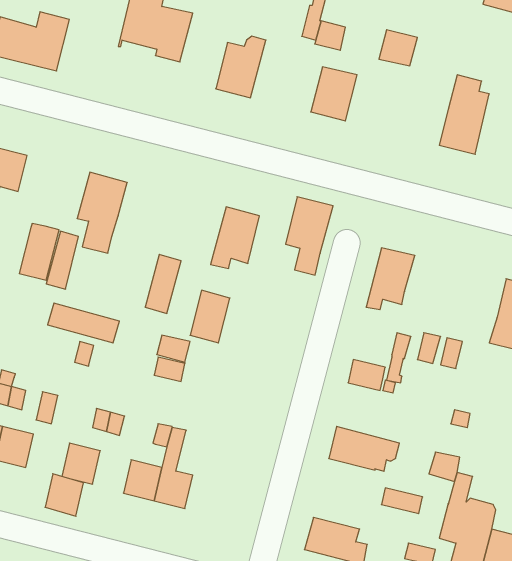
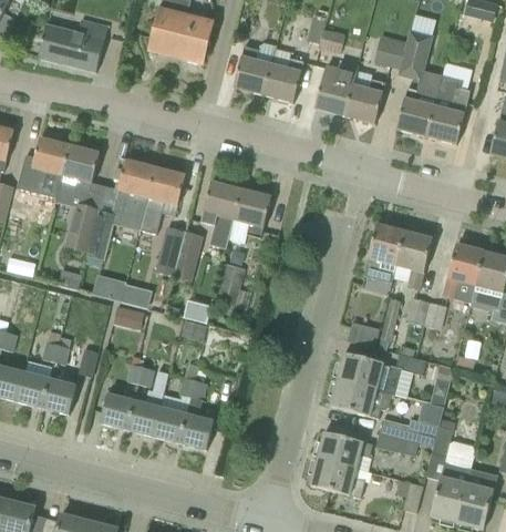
building: none -> [400,30,432,79]
building: none -> [264,44,304,102]
building: none -> [345,74,385,122]
building: none -> [396,88,434,135]
building: none -> [56,144,100,206]
building: none -> [141,167,186,233]
building: [286,197,333,275] -> [202,181,242,248]
building: none -> [157,225,184,265]
building: none -> [396,231,433,288]
building: none -> [442,244,484,296]
building: none -> [338,351,425,393]
building: none -> [380,418,440,446]
building: [45,474,84,516] -> [127,399,161,436]
building: none -> [318,431,373,467]

